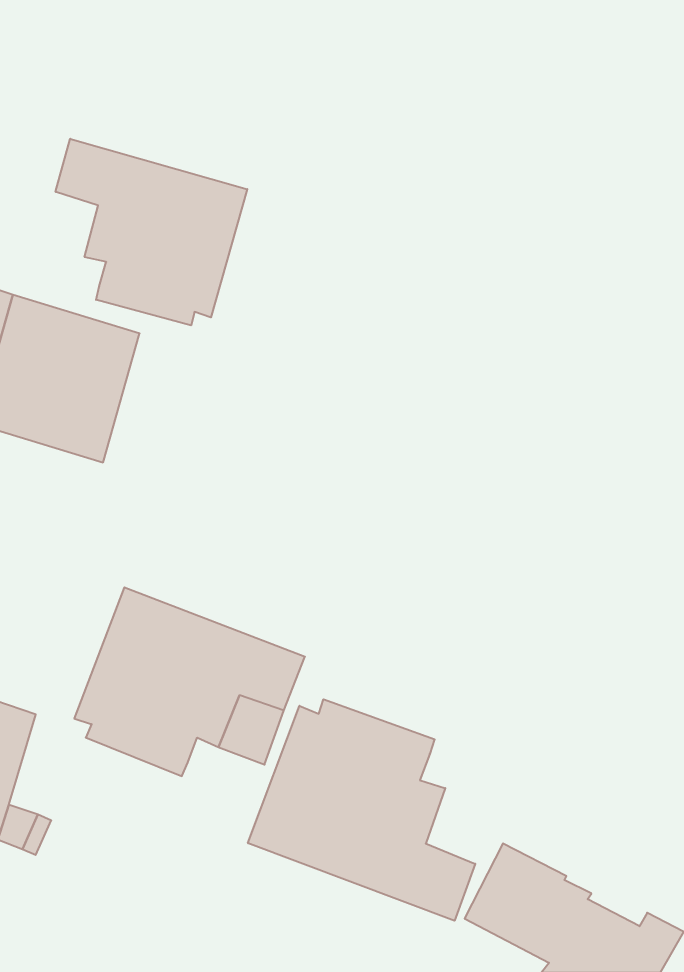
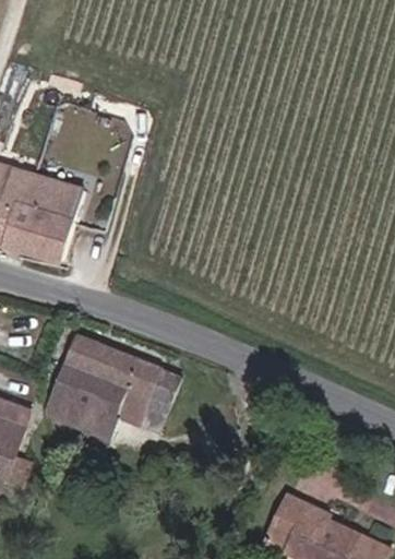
building: [56,139,247,325] -> none
building: [248,699,475,921] -> none

